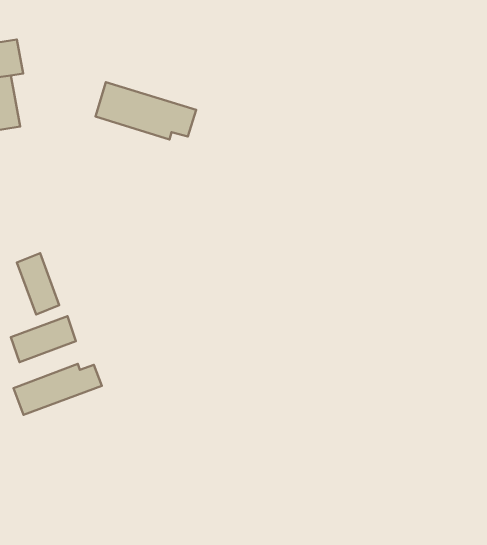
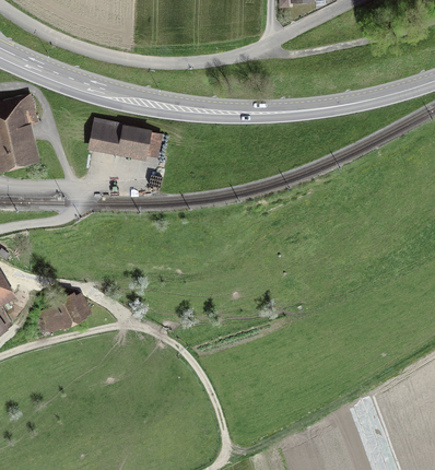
building: [17,253,59,314] -> none
building: [13,364,102,415] -> none

